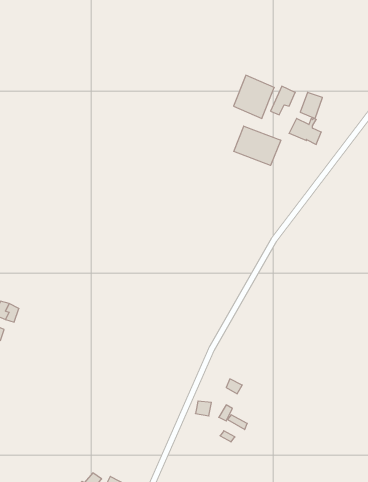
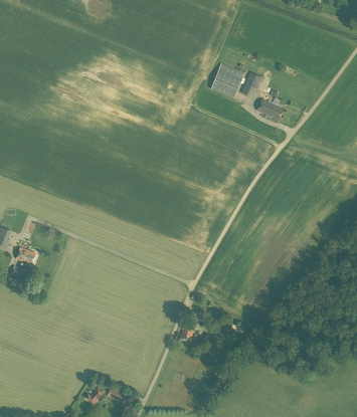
building: [234,126,281,165] -> none

